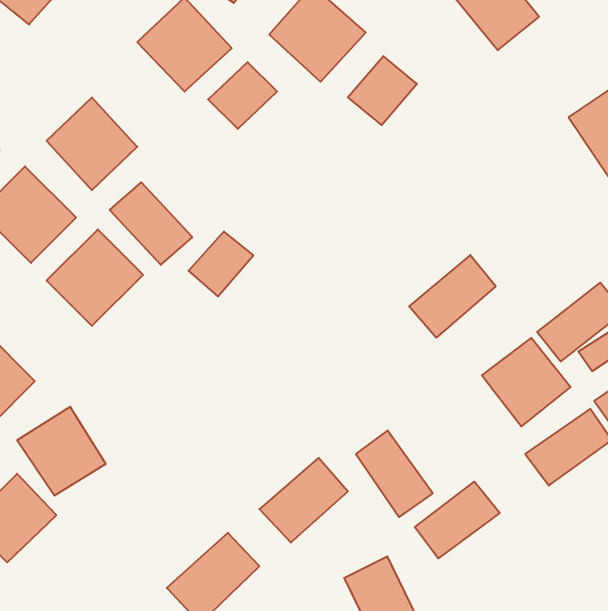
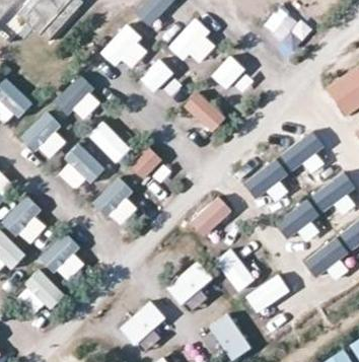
building: none -> [184,91,226,133]
building: none -> [278,131,324,171]
building: none -> [93,179,140,226]
building: none -> [189,195,233,238]

